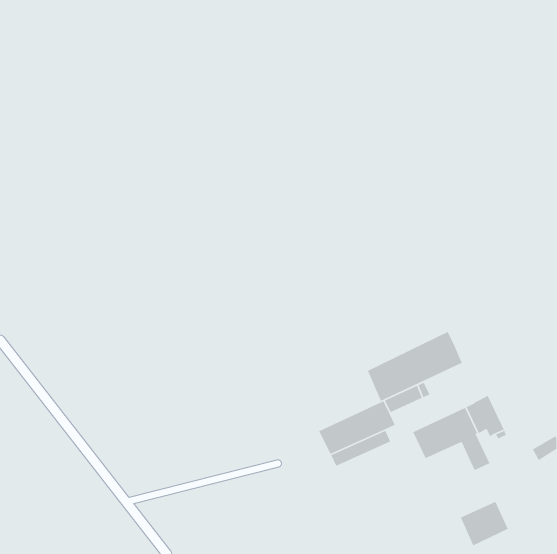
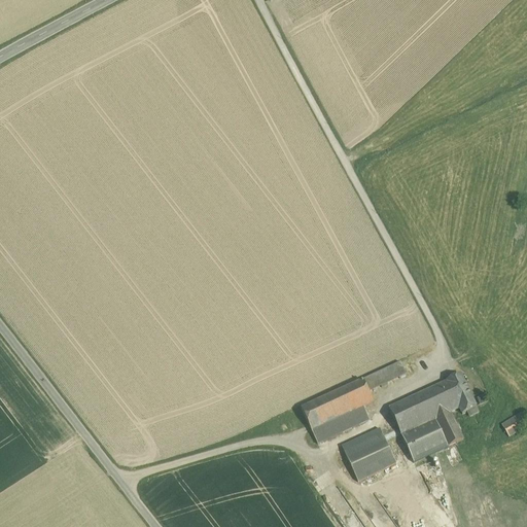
building: [367,331,463,402] -> none
building: none -> [342,427,396,480]
building: [460,501,509,547] -> [401,418,448,461]

